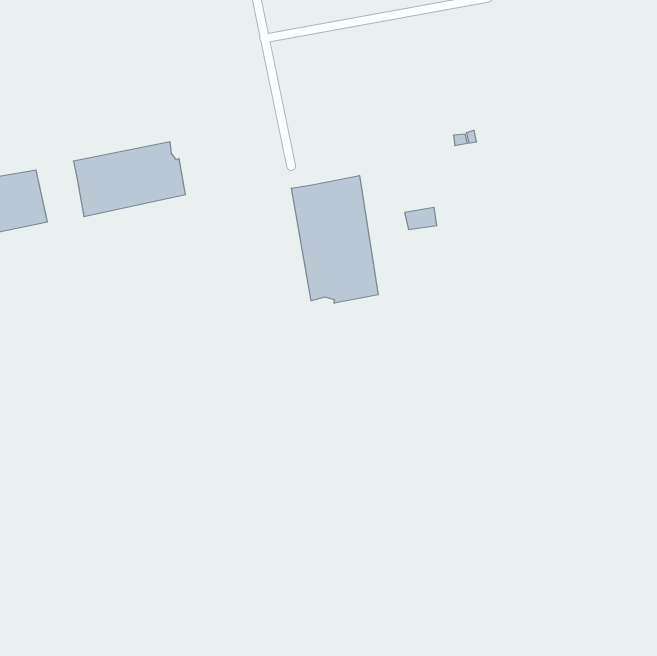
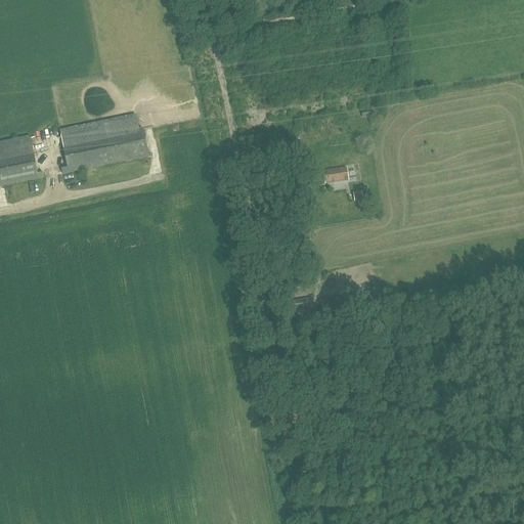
building: [292,175,378,303] -> none

